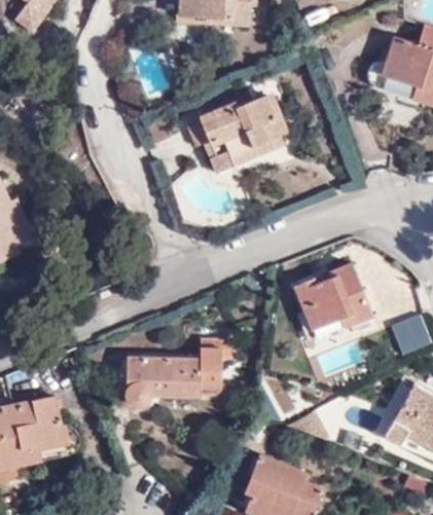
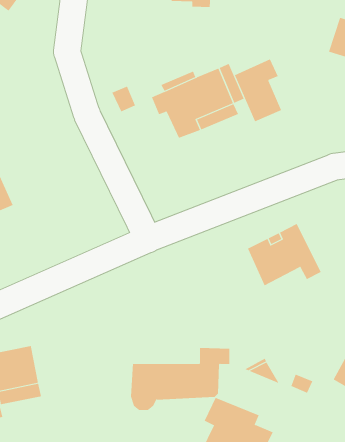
building: none -> [234,58,282,122]
building: [119,338,228,407] -> [130,347,230,411]

